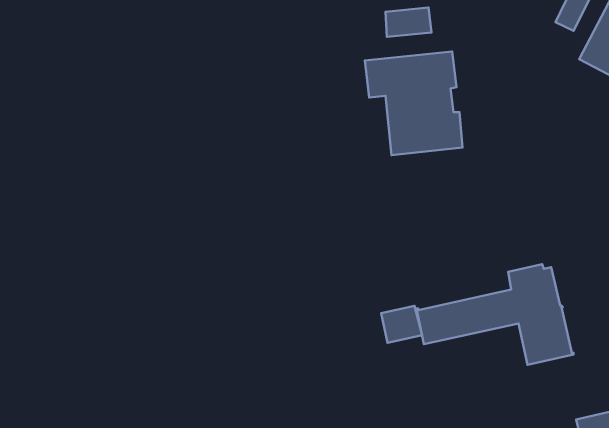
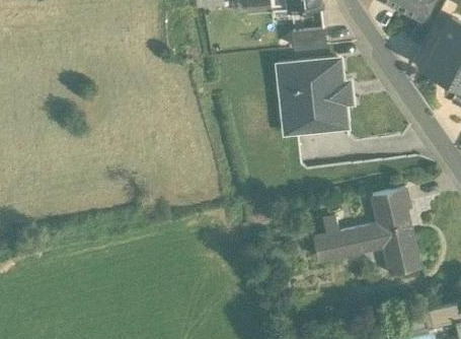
building: none -> [371,187,409,210]
building: [381,306,422,343] -> none

